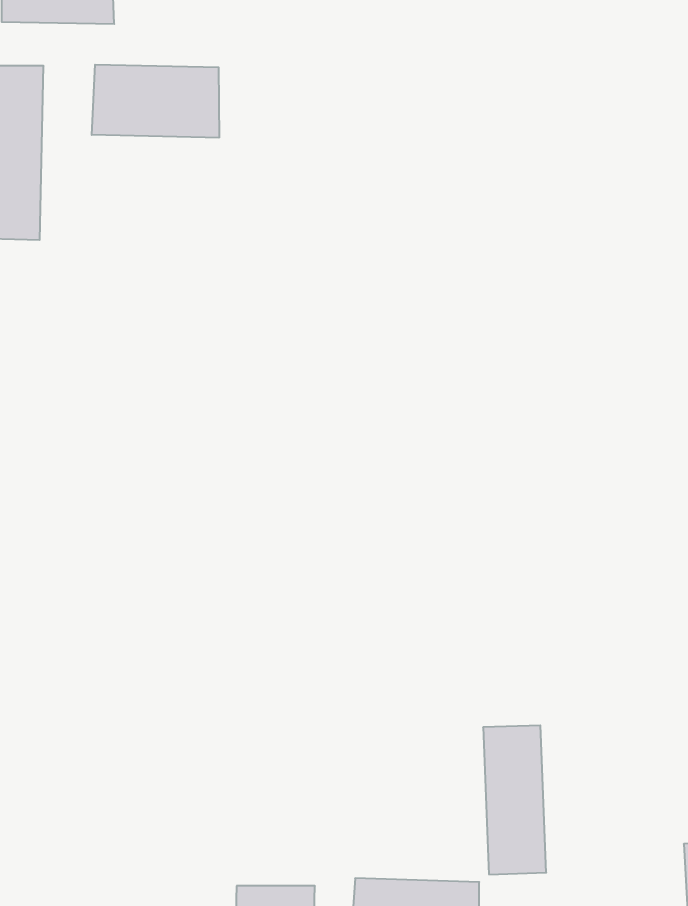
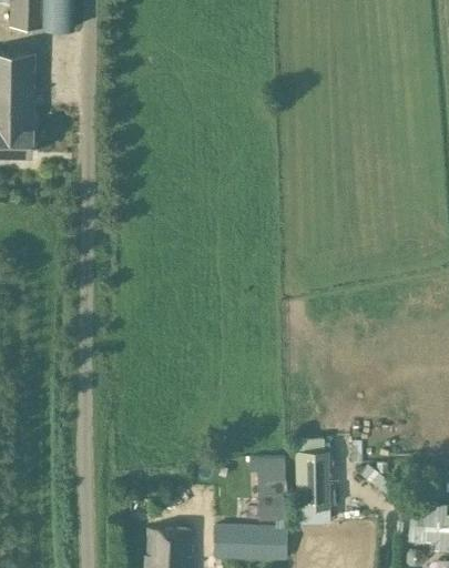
building: [92,65,219,138] -> none
building: none -> [248,457,287,520]

